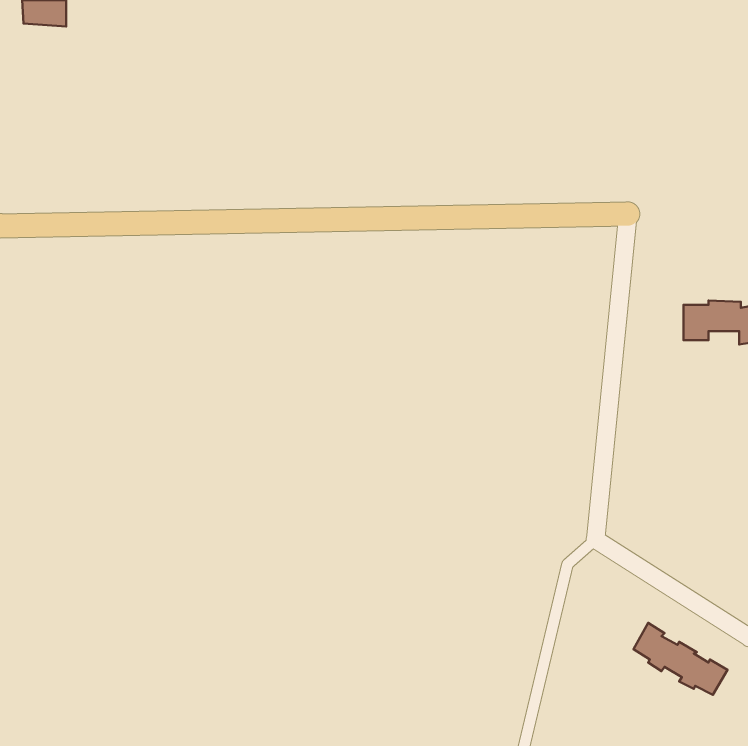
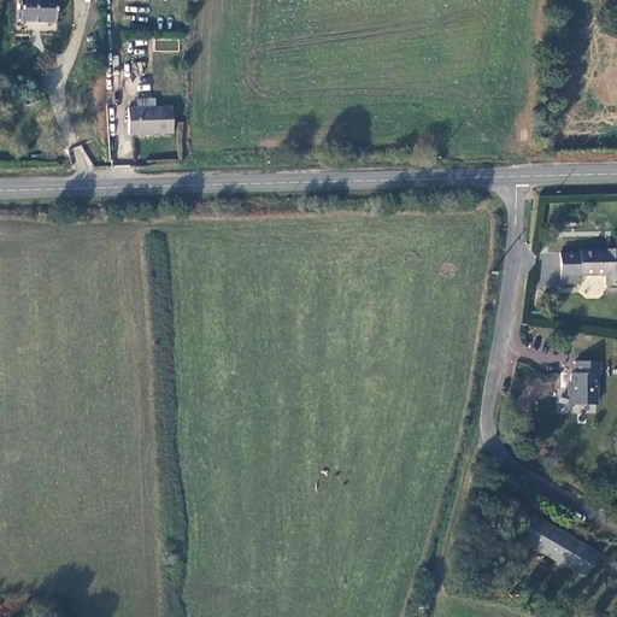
building: none -> [129,100,174,135]
building: none -> [568,362,600,404]

